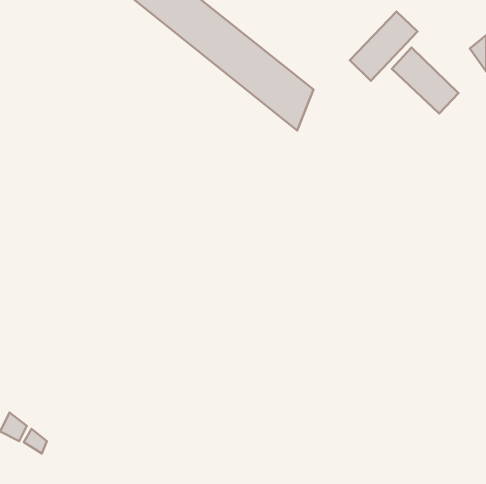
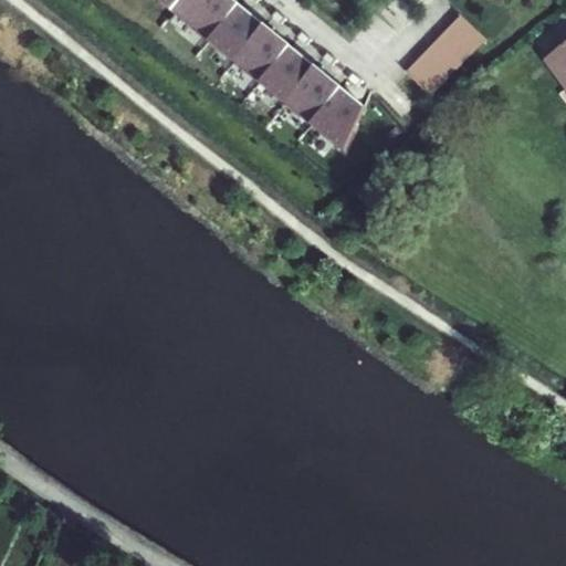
building: [392,47,459,114] -> none

